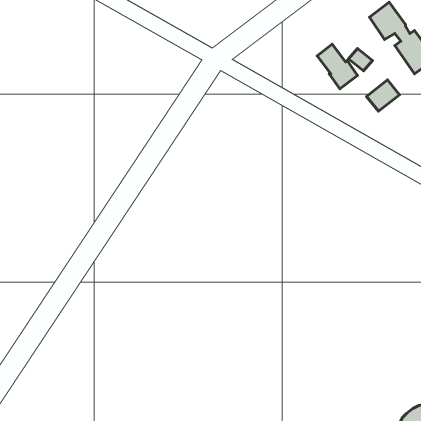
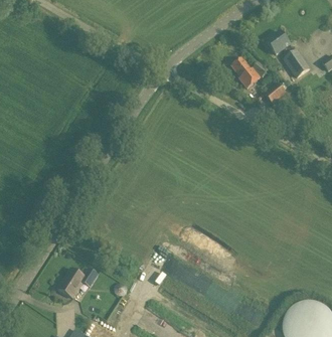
building: none -> [56,268,97,298]

